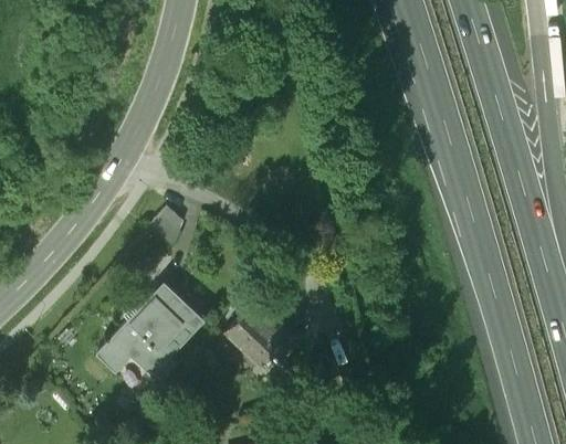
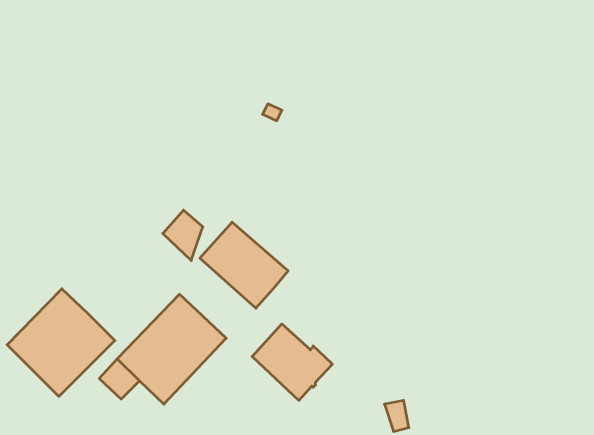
building: none -> [200,222,288,308]
building: none -> [7,289,115,396]

